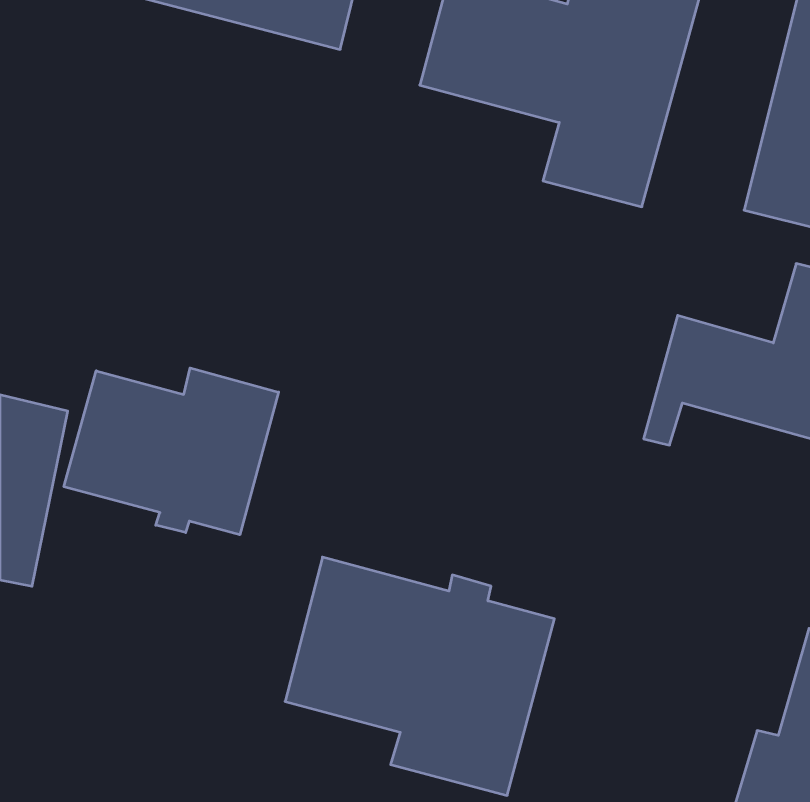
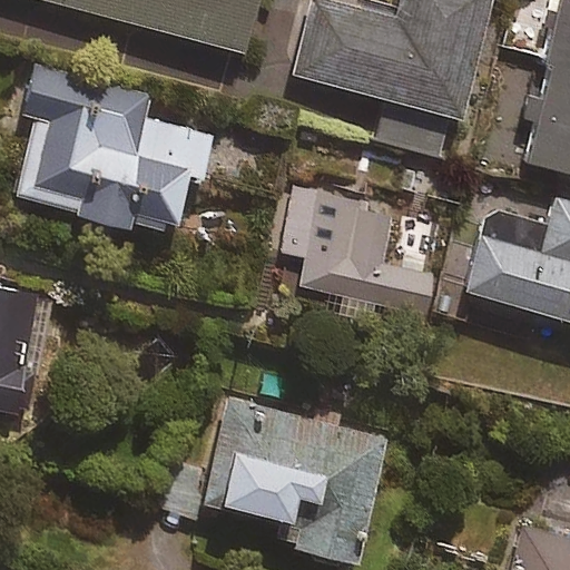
building: none -> [12,63,212,235]
building: none -> [285,186,431,315]
building: [64,368,279,535] -> none

